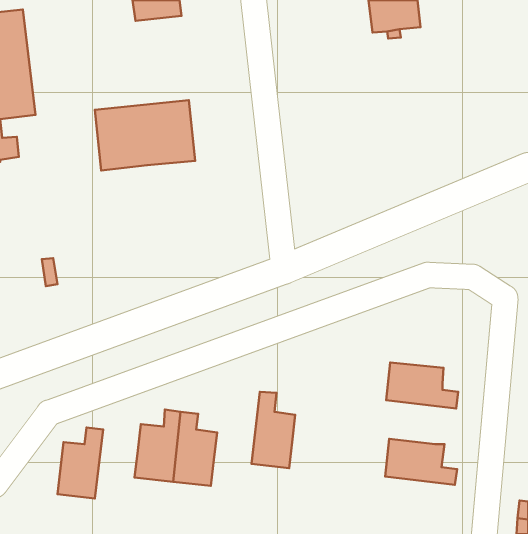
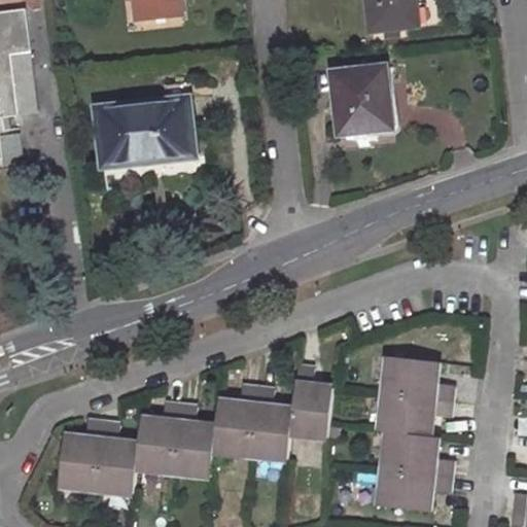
building: none -> [329,68,389,135]
building: none -> [288,366,331,440]
building: none -> [211,384,256,457]
building: none -> [377,394,450,437]
building: none -> [94,423,136,496]
building: none -> [377,469,449,512]

